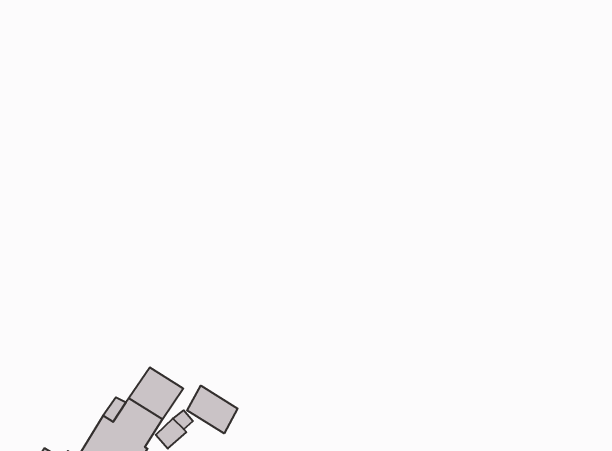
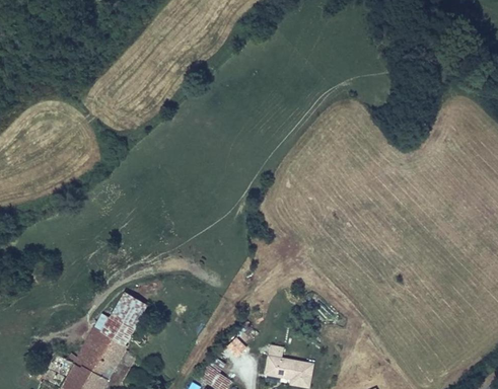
building: [187,386,238,433] -> none

